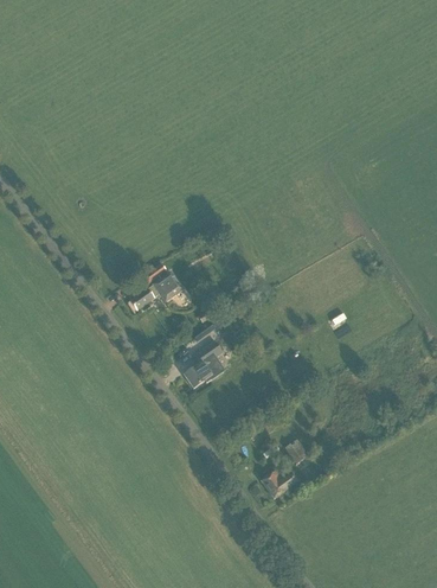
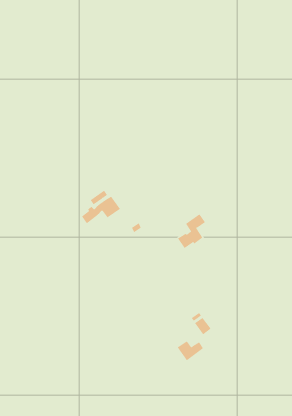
building: [184,339,223,388] -> [177,213,206,249]

